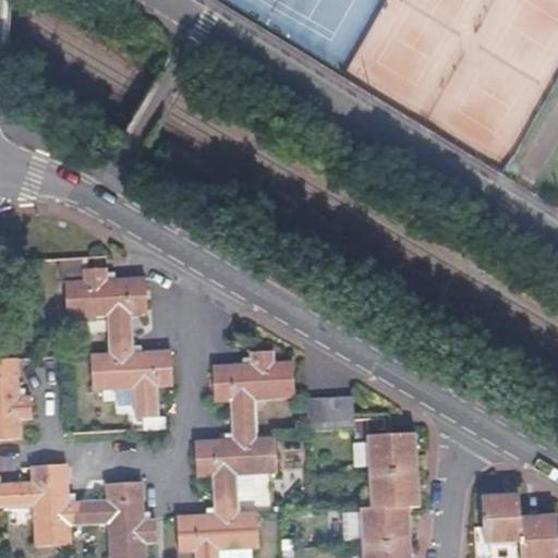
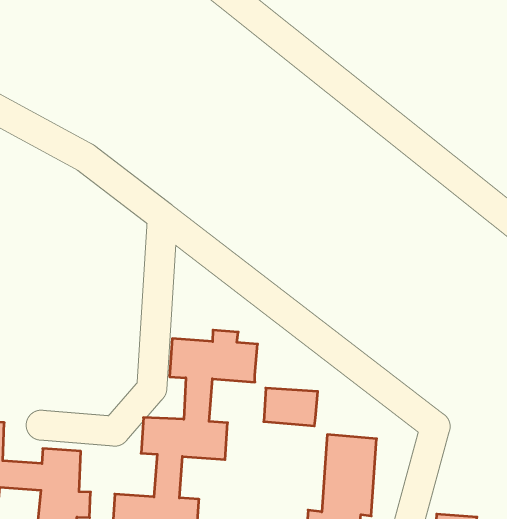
building: [63,266,171,417] -> none

